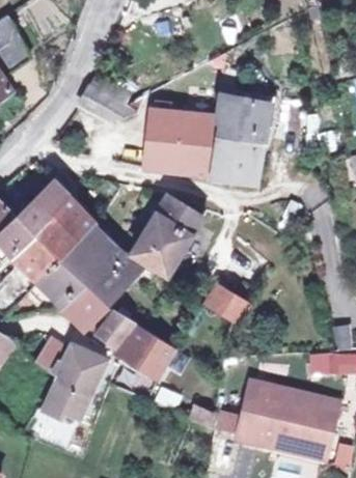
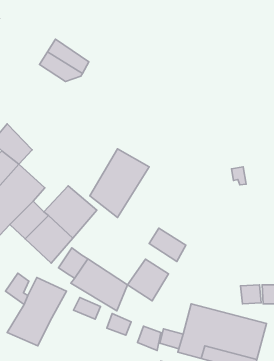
building: [148,90,272,177] -> none
building: [53,199,98,243] -> none
building: none -> [127,259,168,301]

